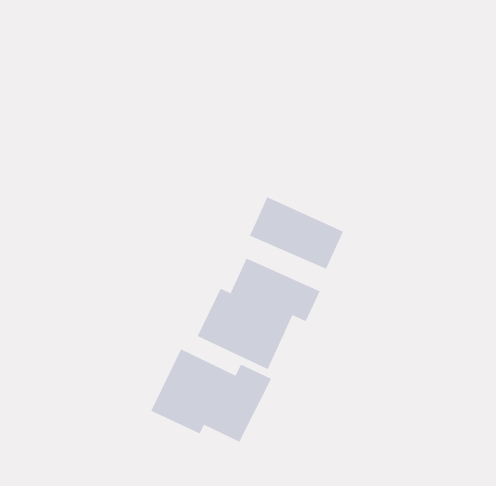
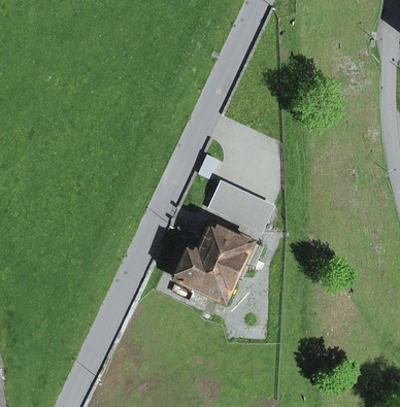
building: [151,348,272,443] -> none

